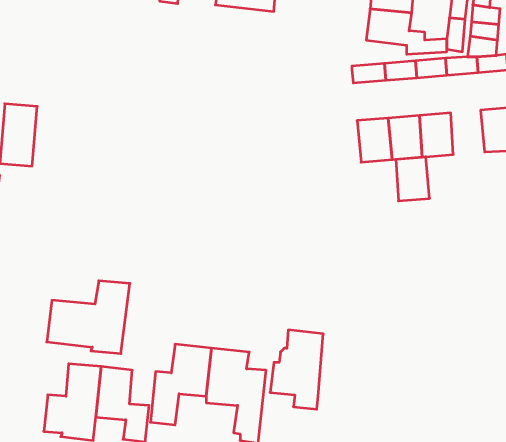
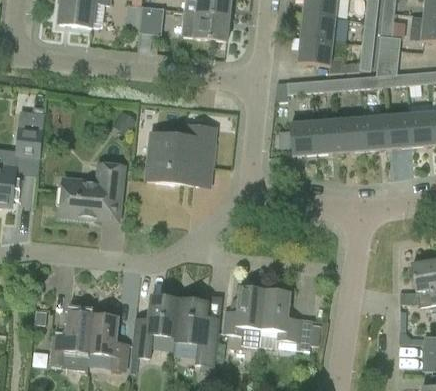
building: none -> [145,125,215,184]
building: [396,157,430,201] -> [362,115,388,149]
building: [47,281,130,354] -> [59,163,123,219]
building: none -> [259,287,312,350]

